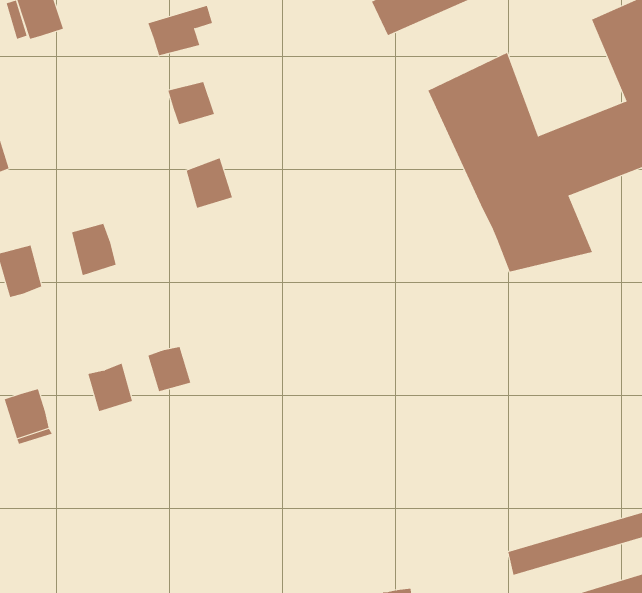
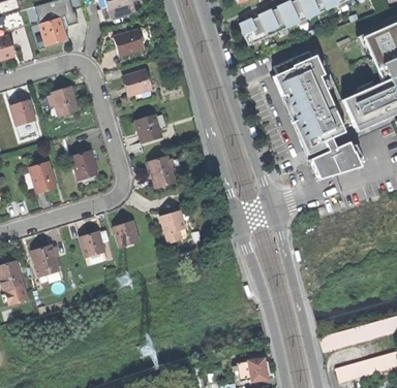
building: none -> [51,87,77,116]
building: none -> [148,157,174,183]
building: none -> [161,208,185,241]

